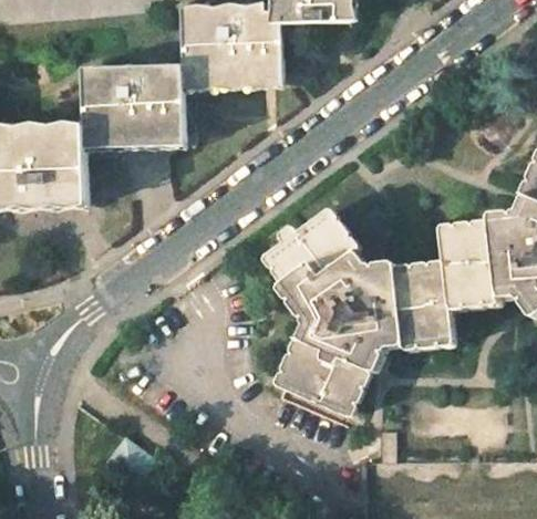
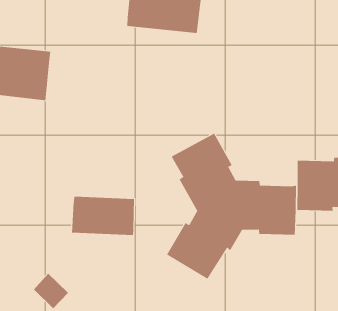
building: [81,68,184,139] -> none
building: none -> [72,196,135,236]

